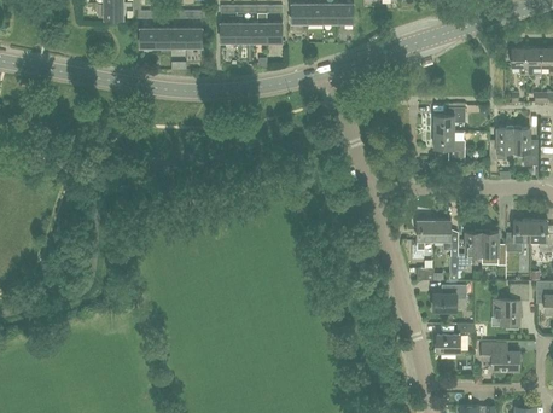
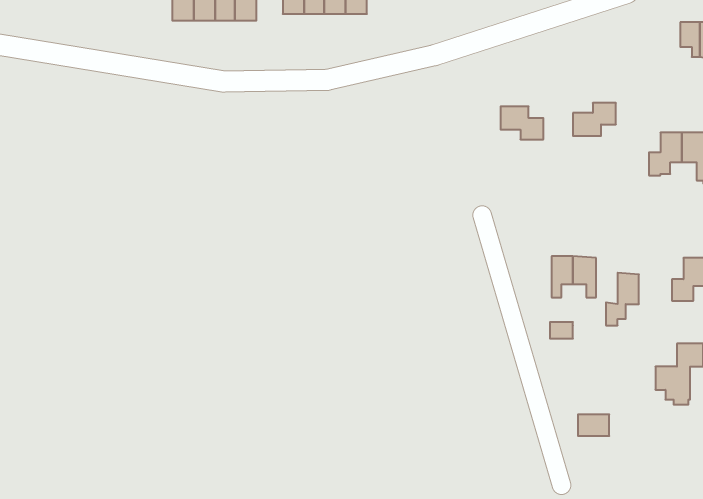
building: [432,130,464,155] -> [501,106,543,139]
building: [481,232,505,264] -> none
building: [432,284,465,310] -> none
building: [481,342,517,368] -> none

